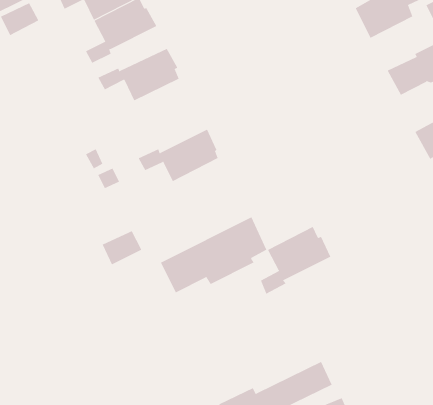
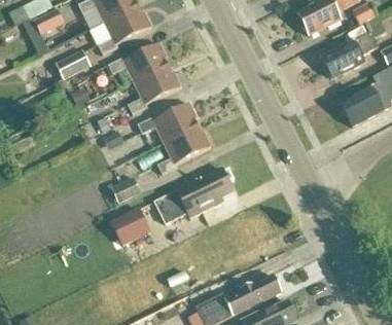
building: none -> [55,49,90,78]
building: none -> [128,65,180,113]
building: [260,226,331,294] -> [157,123,210,174]
building: none -> [110,210,147,245]

